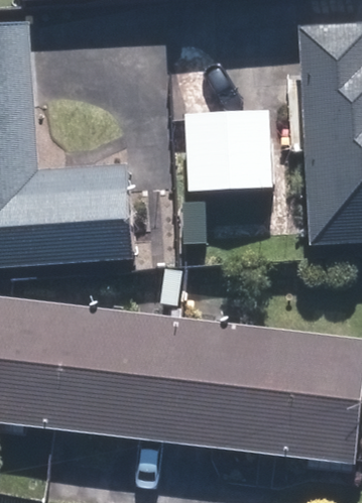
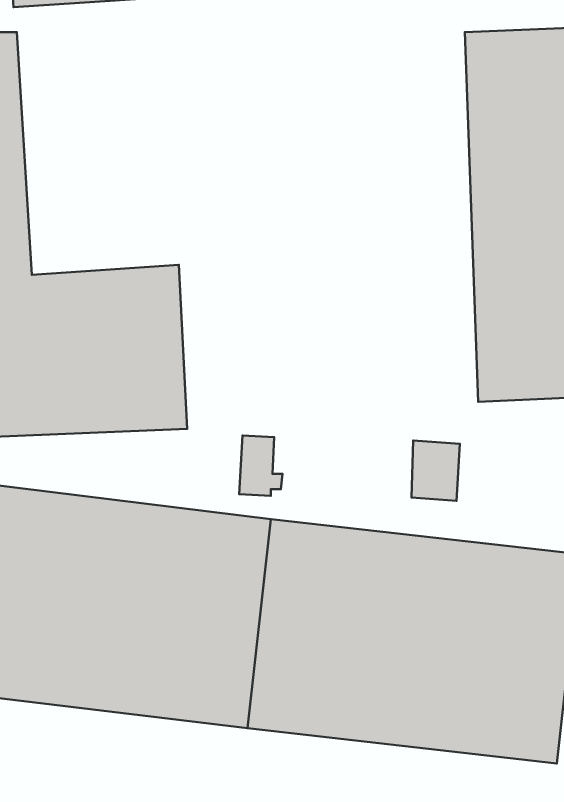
building: [185,110,275,188] -> none

